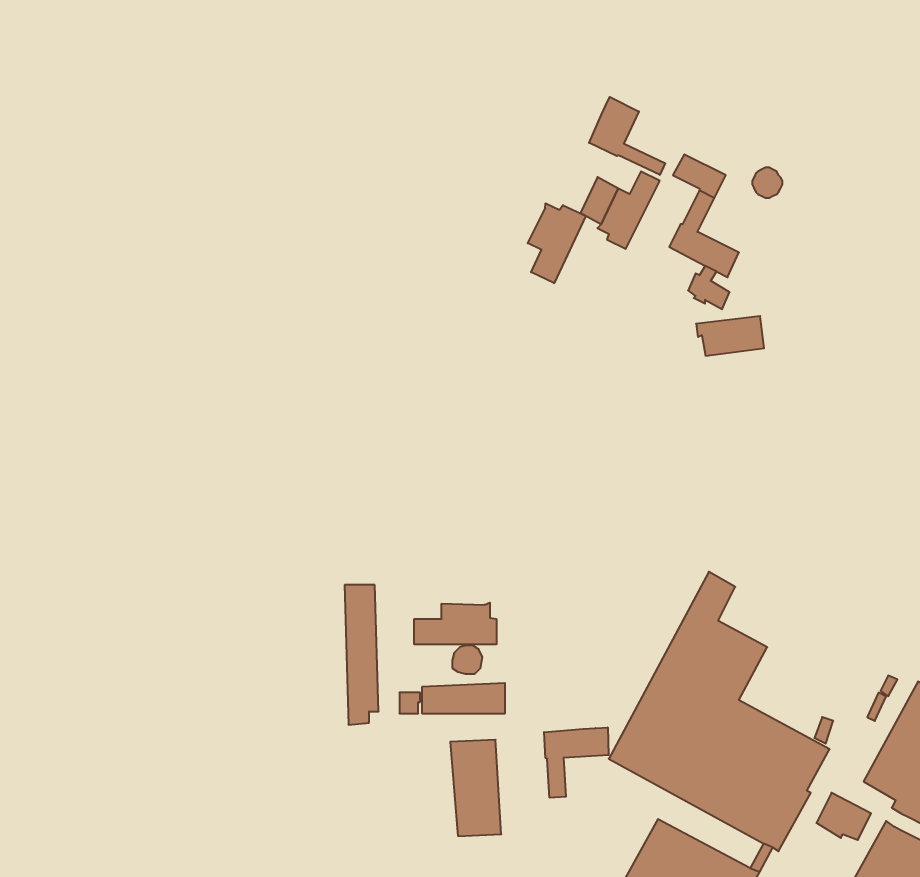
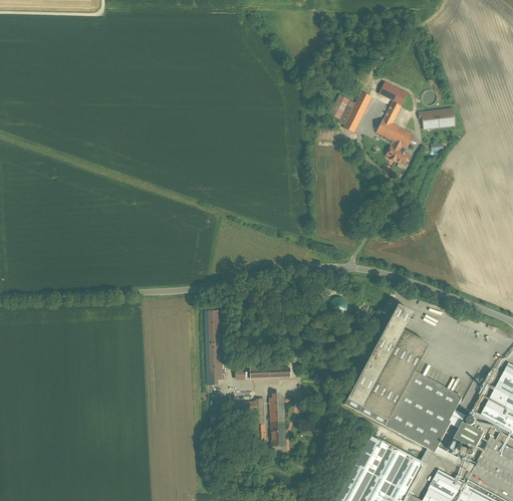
building: [589,97,665,175] -> none
building: [528,203,586,283] -> none
building: [696,316,764,356] -> [419,108,455,130]
building: [414,603,496,644] -> none
building: [544,727,609,798] -> none

